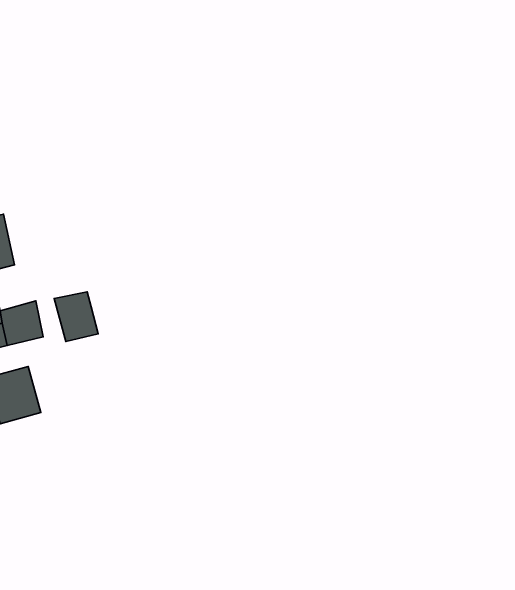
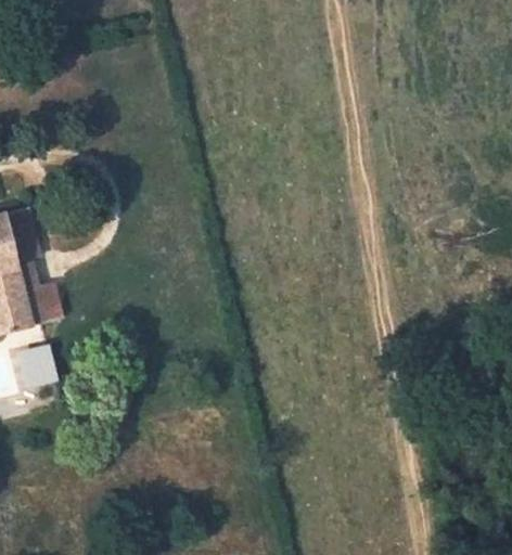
building: [54,292,98,342] -> none

